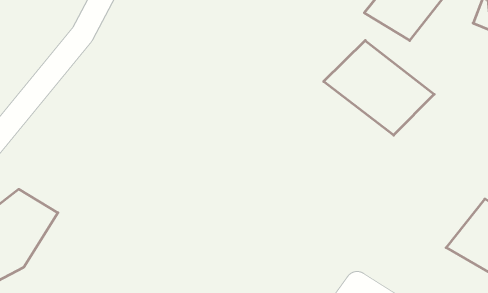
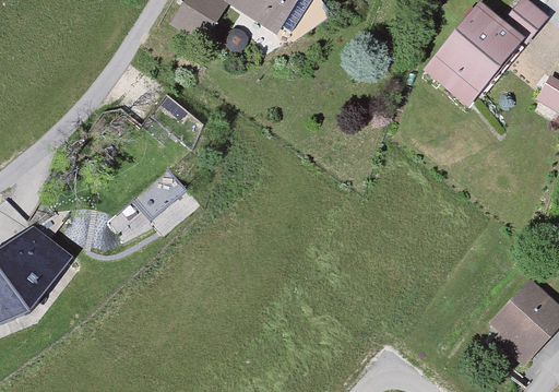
building: [324,40,434,135] -> none

